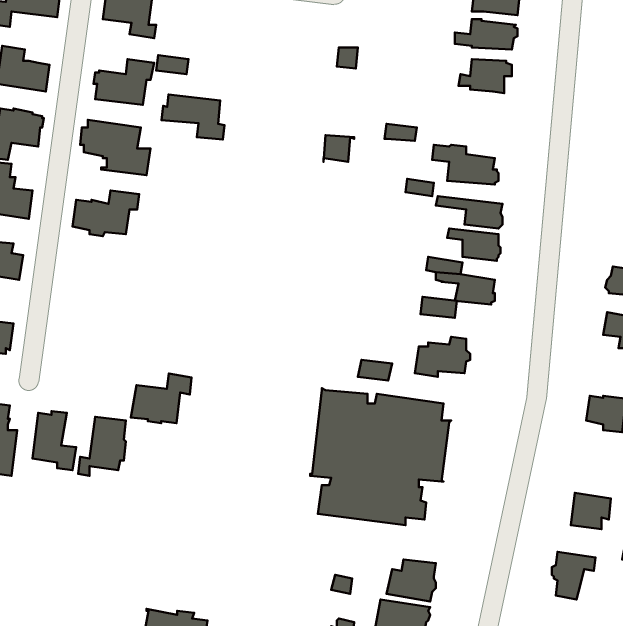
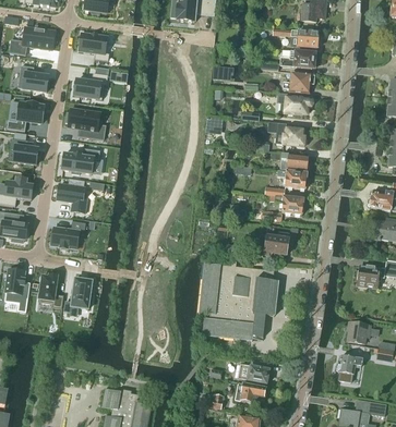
building: [161,94,225,139] -> none
building: none -> [278,97,312,114]
building: none -> [56,179,88,212]
building: [131,374,192,423] -> [50,220,85,248]

